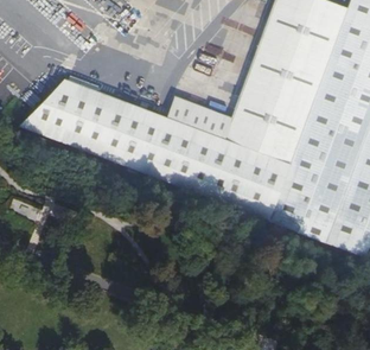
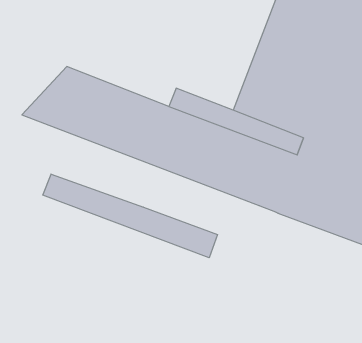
building: none -> [43,174,217,258]

